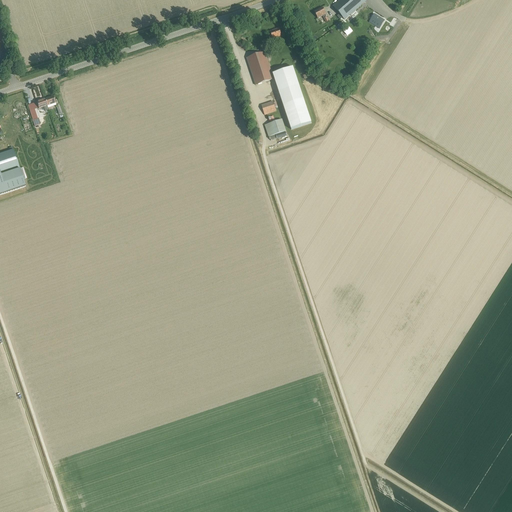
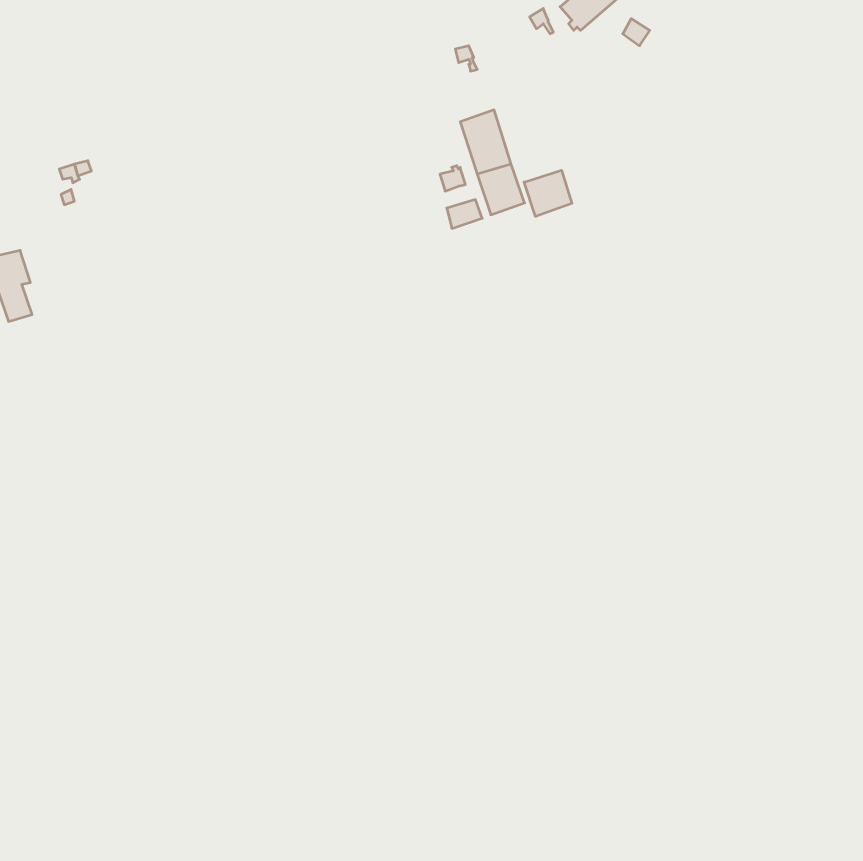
building: [245,50,273,84] -> none
building: none -> [524,170,572,216]

